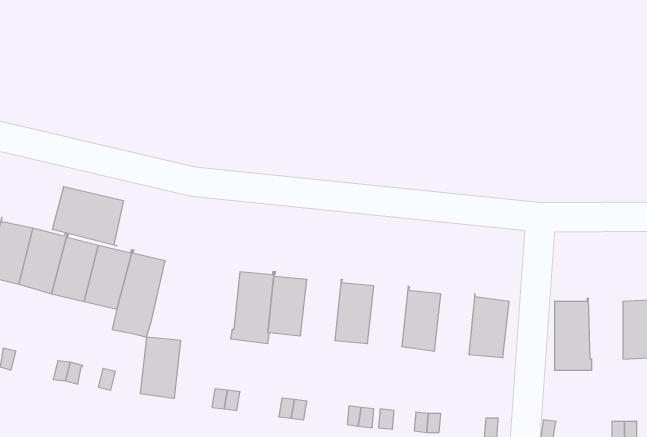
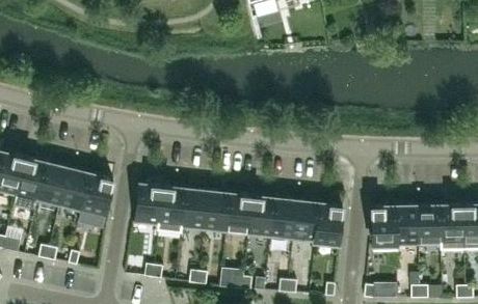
building: [52,186,123,246] -> none
building: none -> [204,191,231,231]
building: none -> [248,195,275,236]
building: none -> [293,200,320,241]
building: none -> [396,203,419,244]
building: [140,337,181,398] -> [136,184,163,224]

